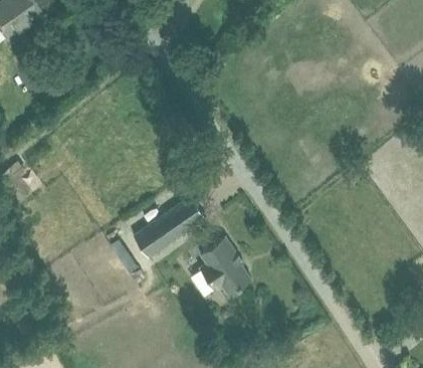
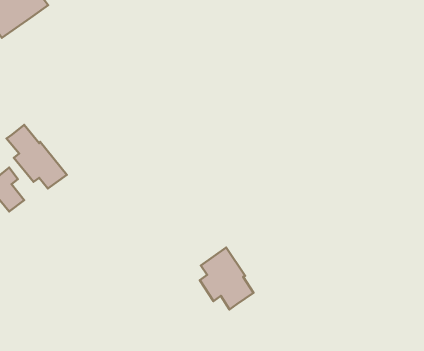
building: none -> [6,125,67,189]
building: [135,197,206,257] -> none

